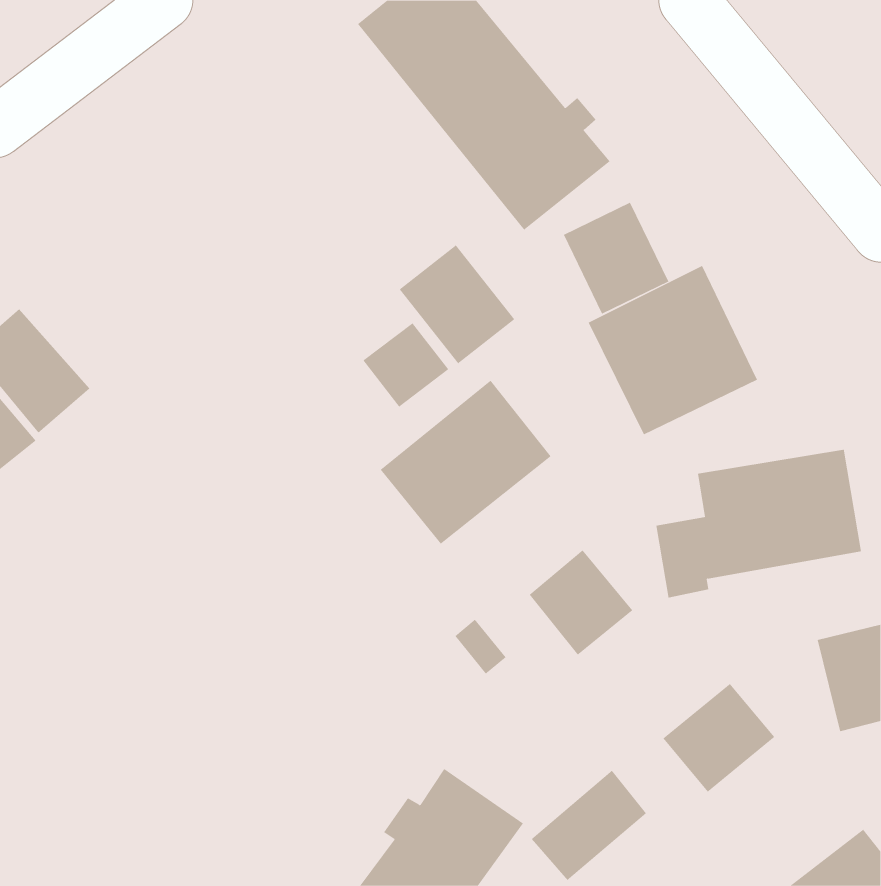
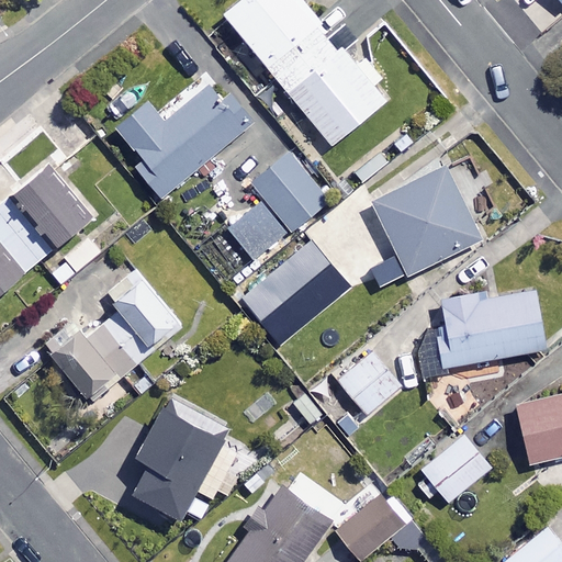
building: none -> [112,75,247,198]
building: [563,202,669,315] -> none
building: none -> [12,166,94,247]
building: none -> [45,269,182,400]
building: none -> [133,400,231,519]

